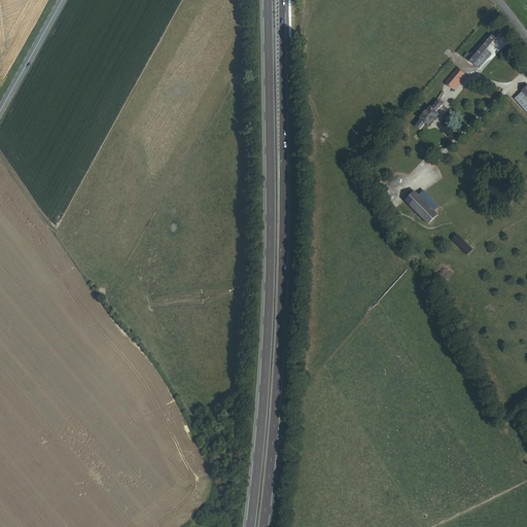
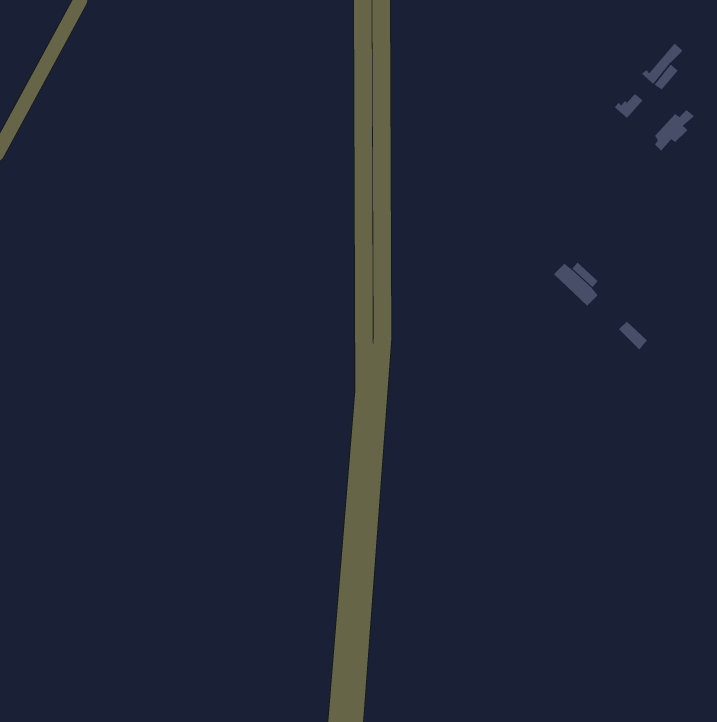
building: [416,98,446,129] -> [654,109,695,151]

